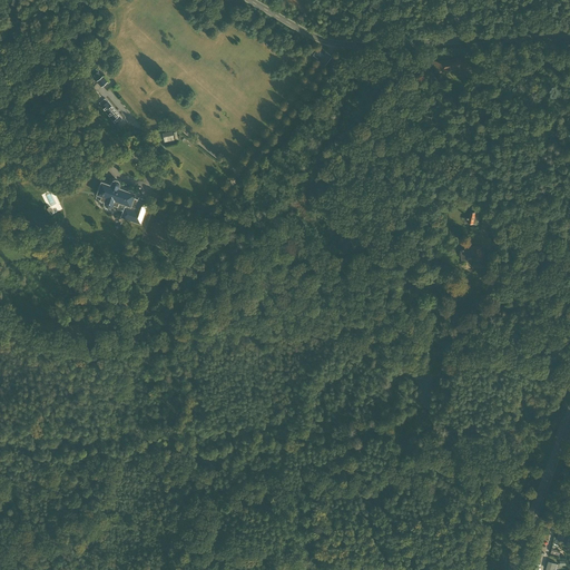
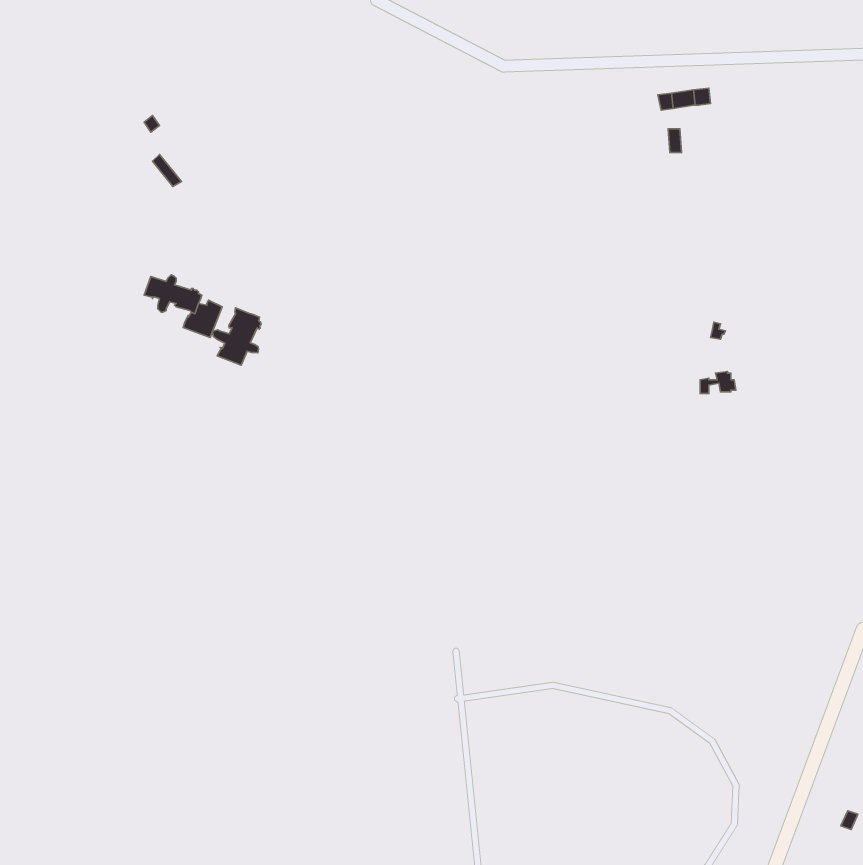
building: none -> [212,308,261,365]

